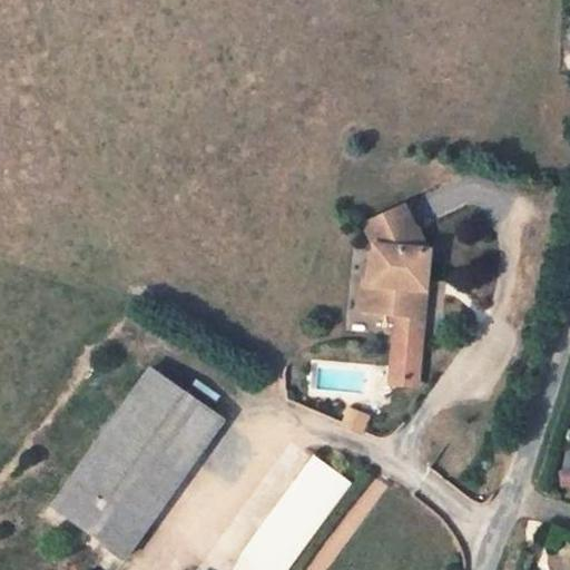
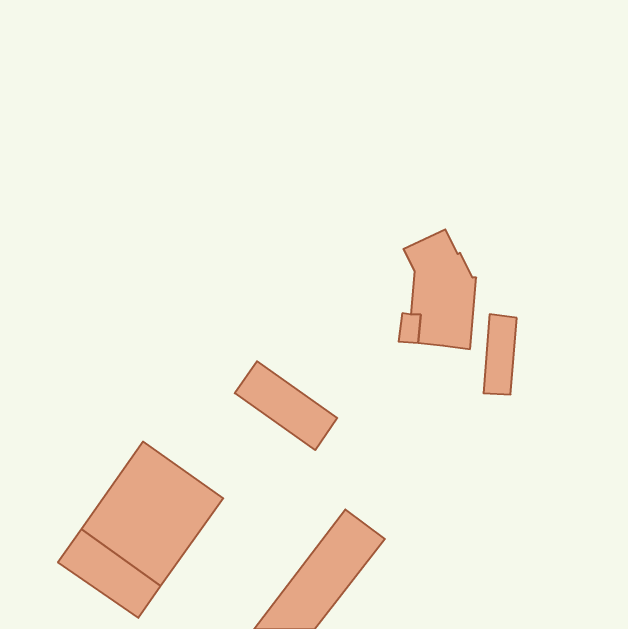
building: [394,312,424,384] -> [483,314,517,394]
building: [129,370,222,450] -> [235,361,337,450]

